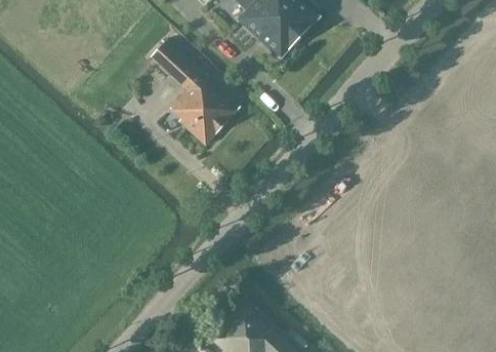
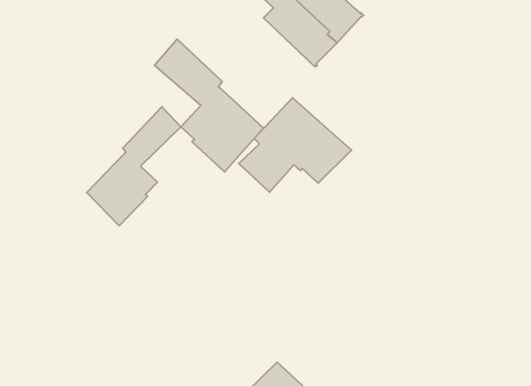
building: none -> [239,98,352,192]
building: none -> [87,107,181,226]

